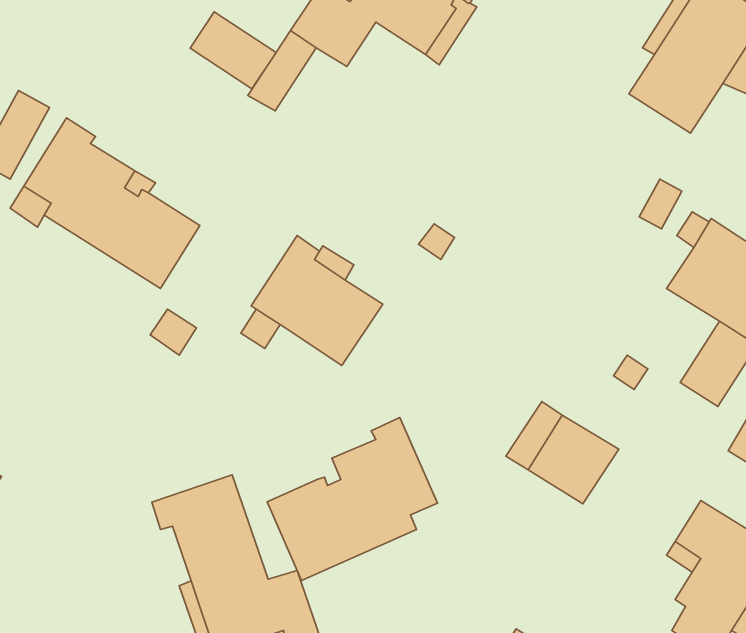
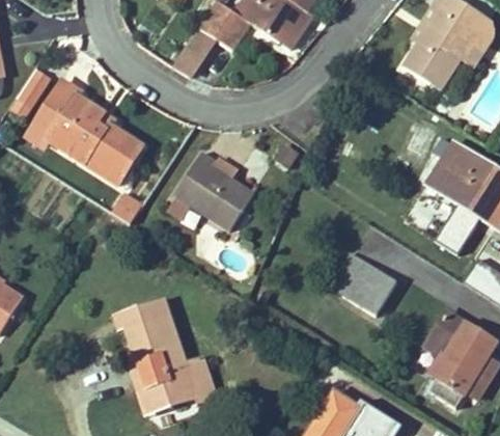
building: [190,12,276,89] -> none
building: [267,418,438,581] -> none

